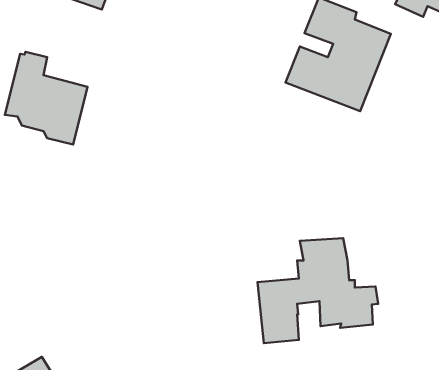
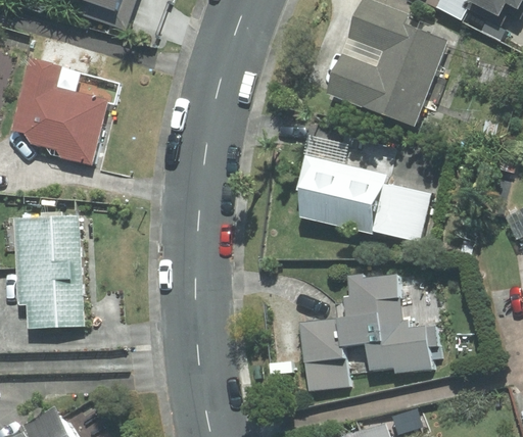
building: none -> [298,155,429,242]
building: none -> [13,215,82,330]

